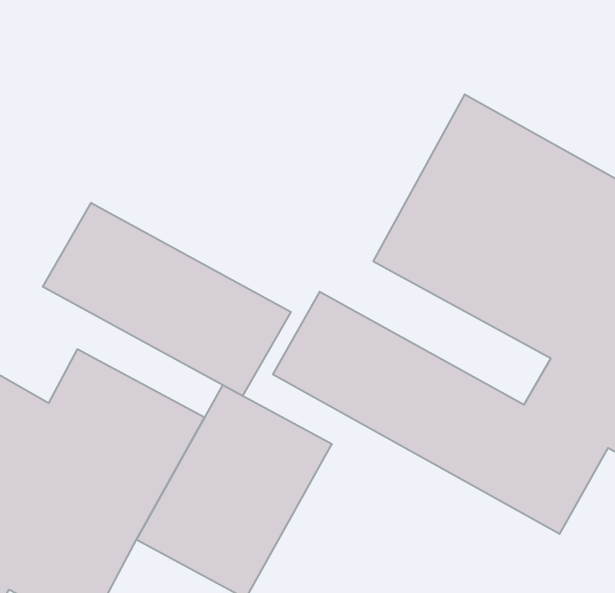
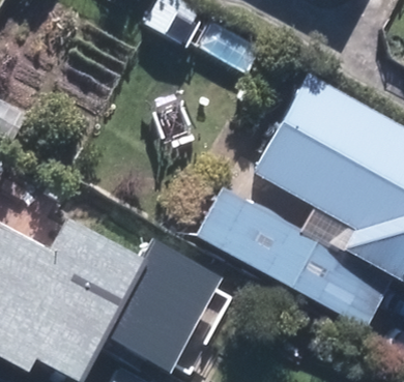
building: [43,203,291,396] -> none

